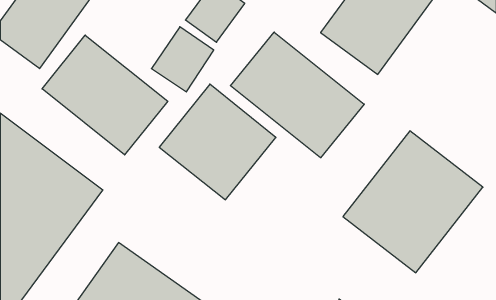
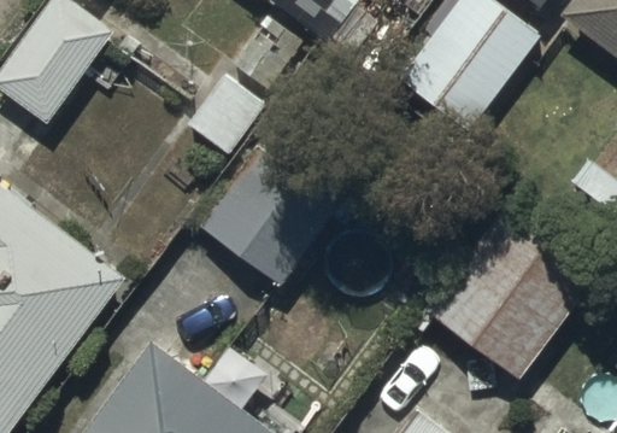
building: [230,32,364,158] -> none
building: [42,35,168,155] -> none

